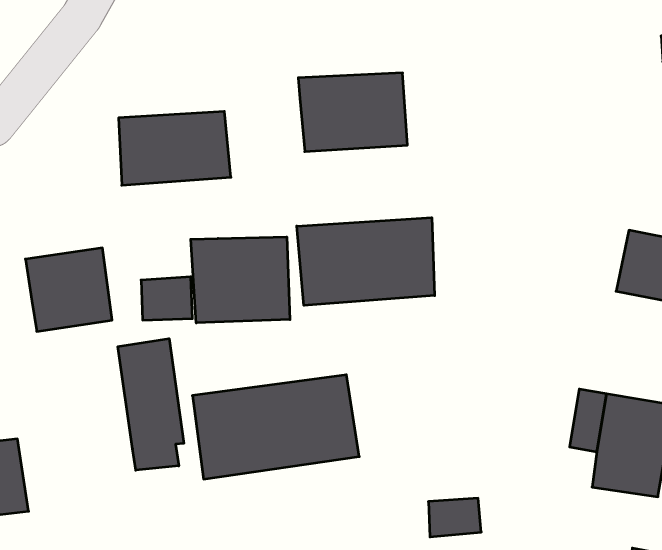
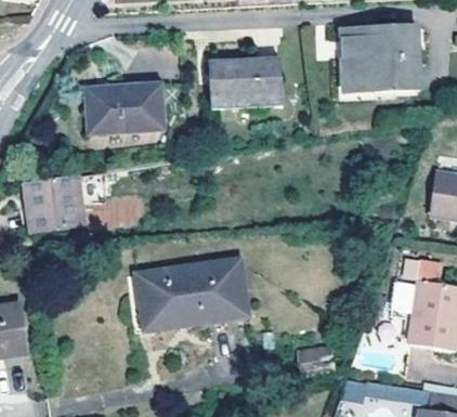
building: none -> [342,28,419,91]
building: [297,218,435,305] -> none
building: [191,237,290,323] -> none
building: [118,339,184,470] -> none

